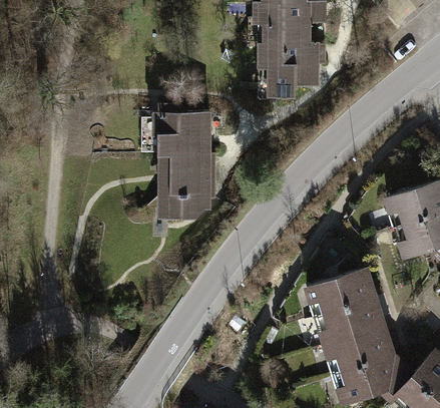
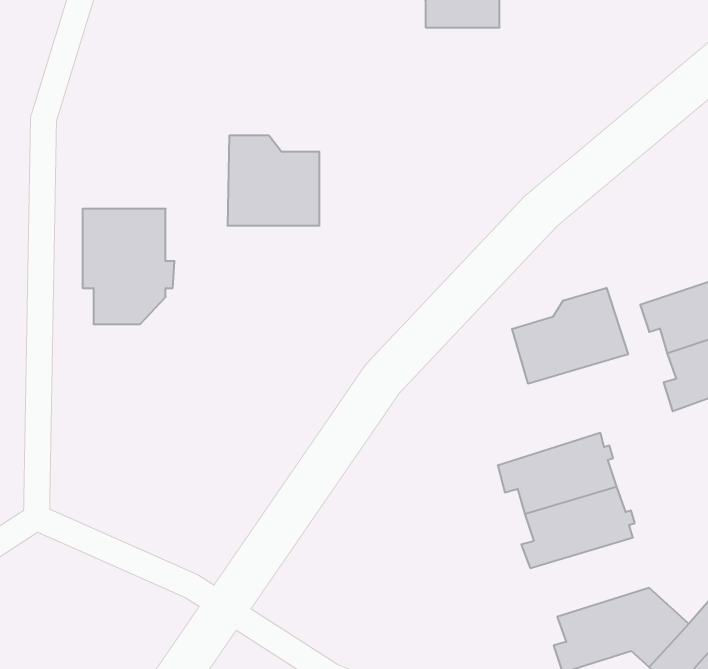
building: [264,44,315,94] -> none
building: [163,154,214,219] -> [83,209,175,324]
building: none -> [512,288,628,384]
building: [327,328,393,372] -> none

